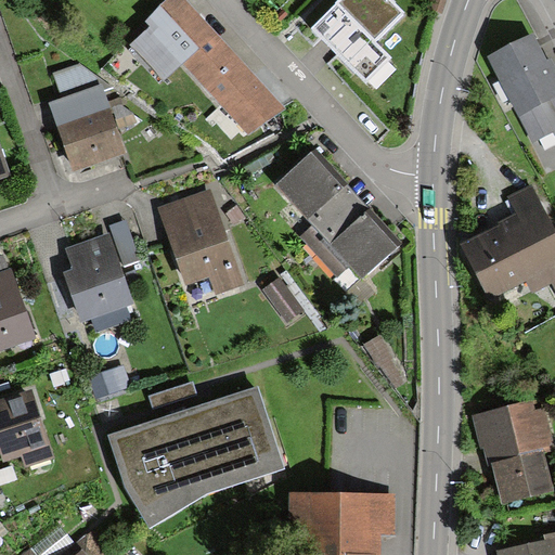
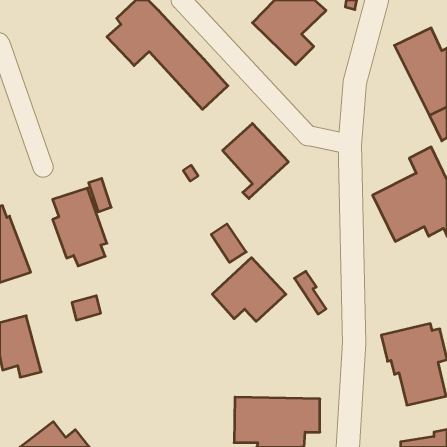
building: [50,66,124,169] -> none
building: [158,190,243,294] -> none
building: [308,201,399,280] -> [212,258,286,321]
building: [109,385,282,524] -> none

